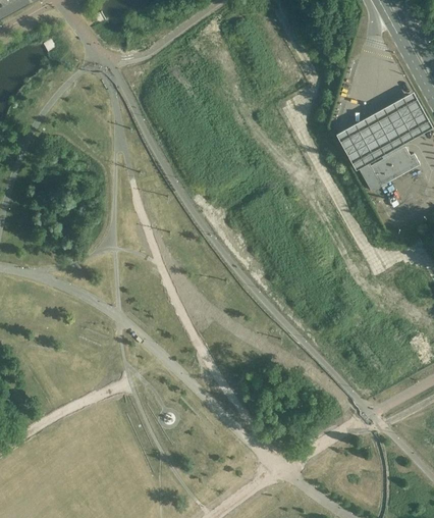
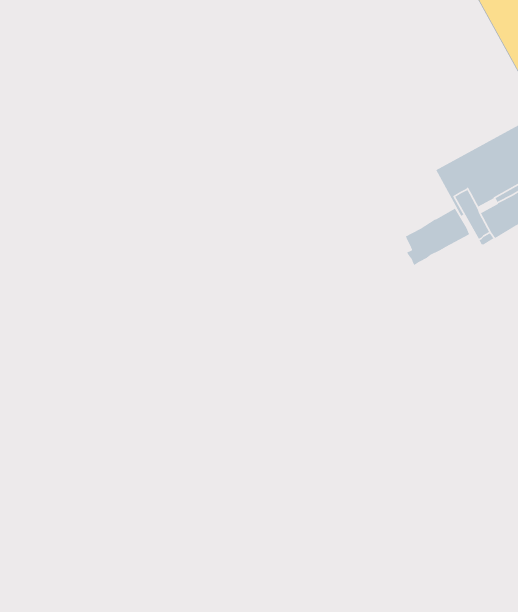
building: none -> [405,207,470,266]

